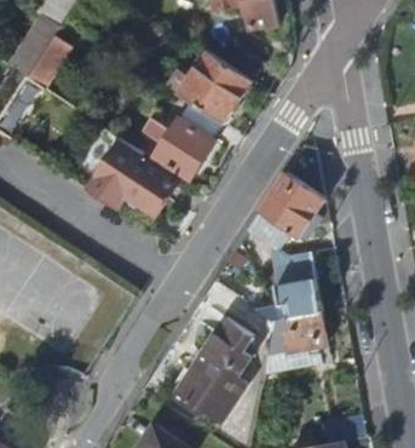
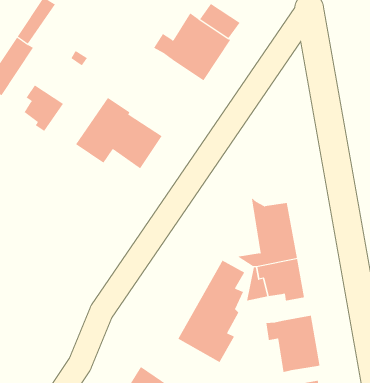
building: [138,100,223,179] -> none
building: none -> [24,84,64,132]
building: [246,171,322,251] -> none
building: none -> [266,315,320,373]

